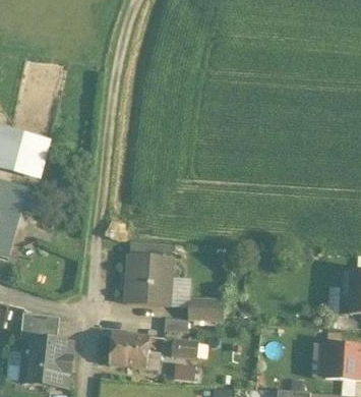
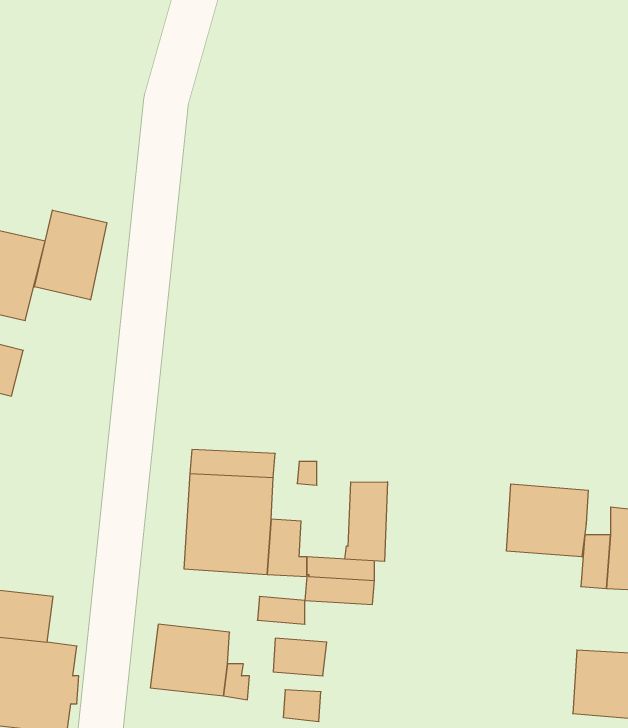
building: none -> [34,210,107,300]
building: none -> [345,482,387,561]
building: none -> [507,484,588,557]

